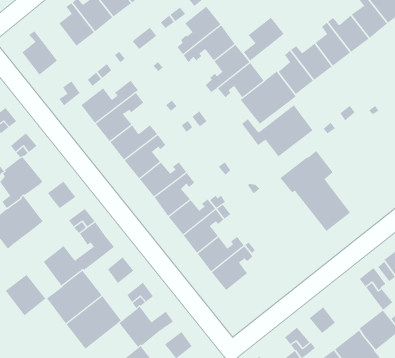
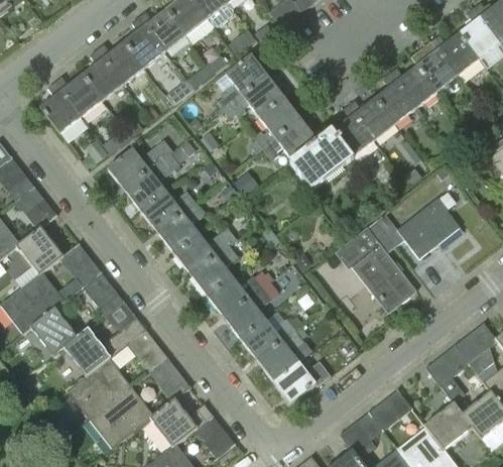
building: [243,17,285,61] -> none
building: none -> [54,75,102,117]
building: [241,105,313,157] -> [377,198,460,258]
building: none -> [273,361,331,403]
building: [5,274,46,316] -> [30,309,78,357]

